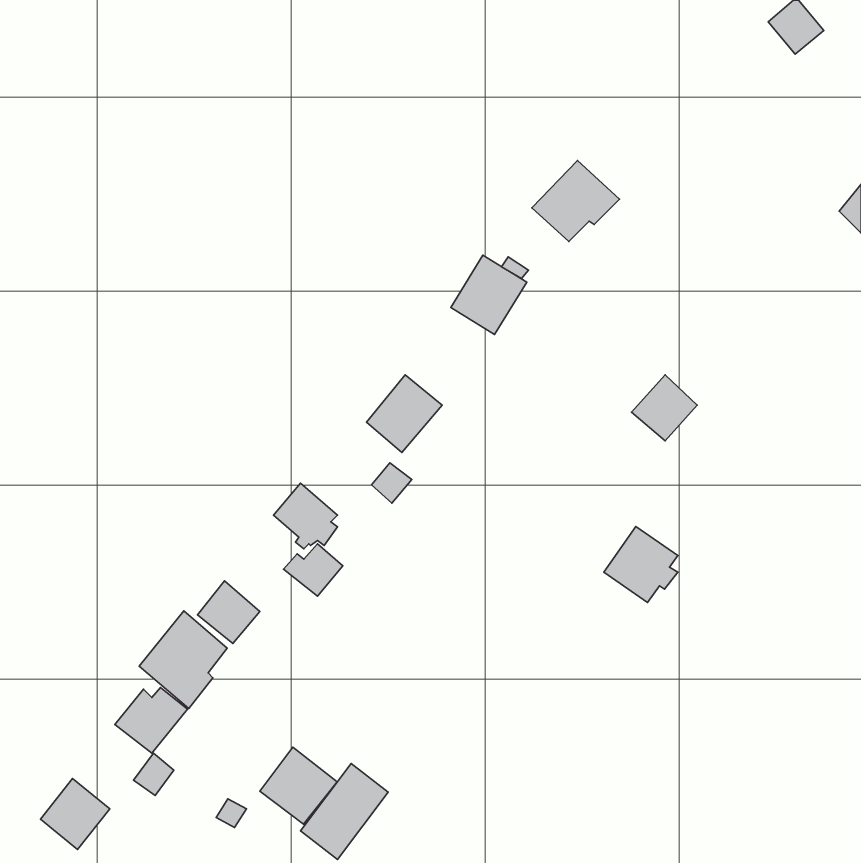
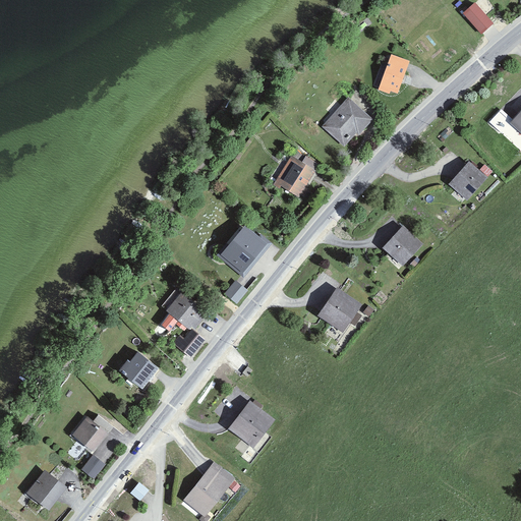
building: none -> [379,55,406,94]
building: none -> [448,161,486,199]
building: [604,527,678,603] -> [316,288,361,334]
building: [139,611,227,709] -> none
building: none -> [226,400,274,452]
building: [260,747,337,824] -> none

